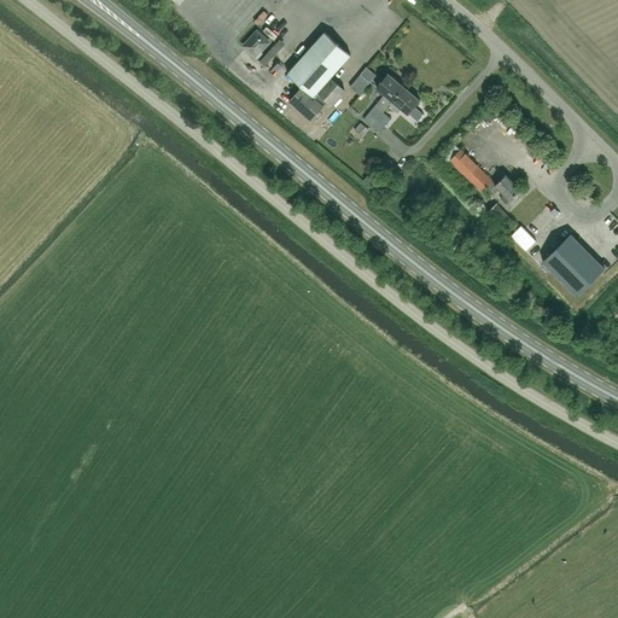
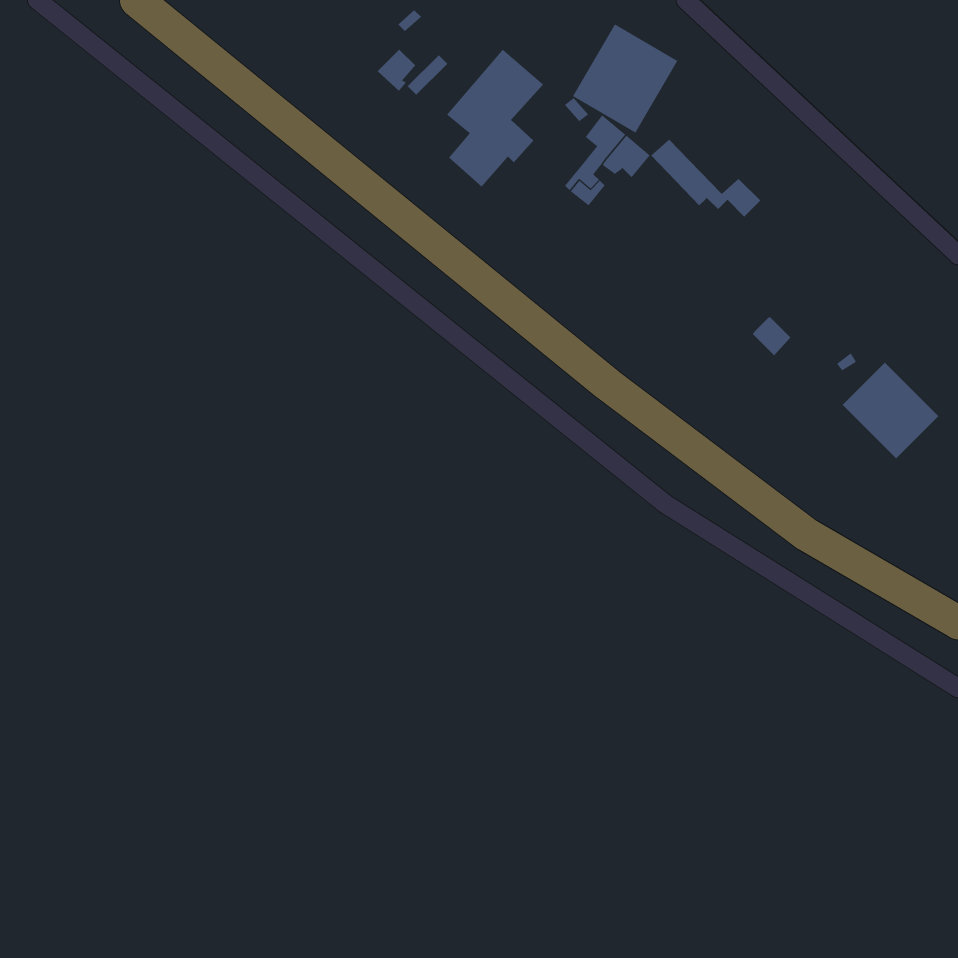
building: none -> [572,23,678,134]
building: [449,150,520,200] -> [651,139,761,217]

